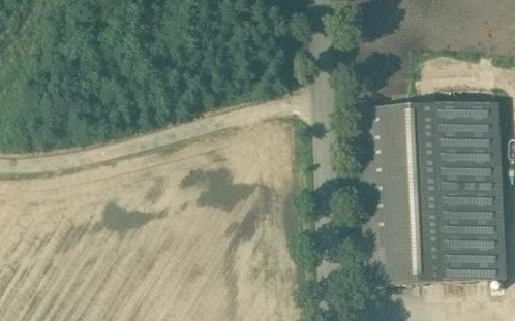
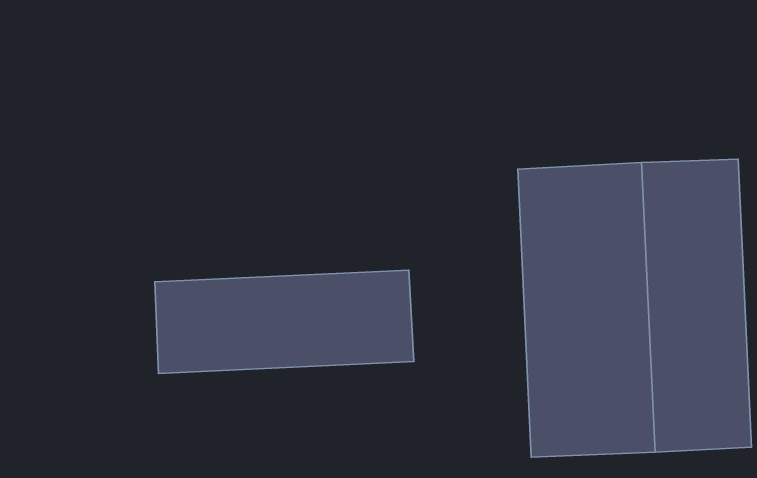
building: none -> [155,270,414,374]

